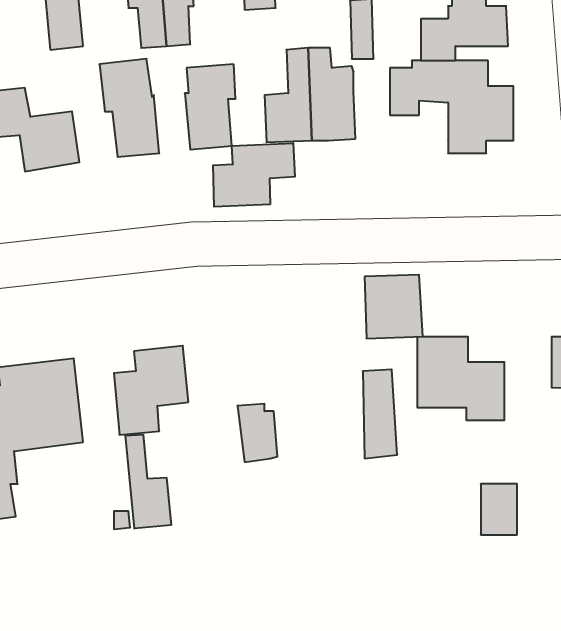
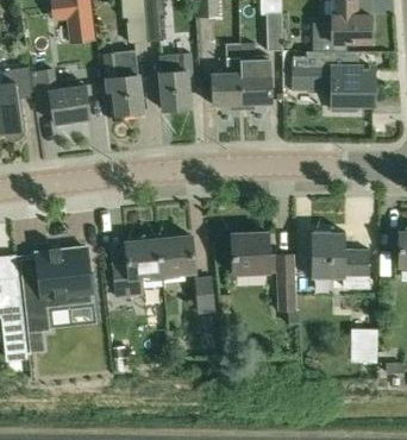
building: [213,143,295,207] -> none
building: [365,275,423,338] -> [231,232,269,274]
building: none -> [157,234,195,275]
building: [125,435,171,529] -> none

